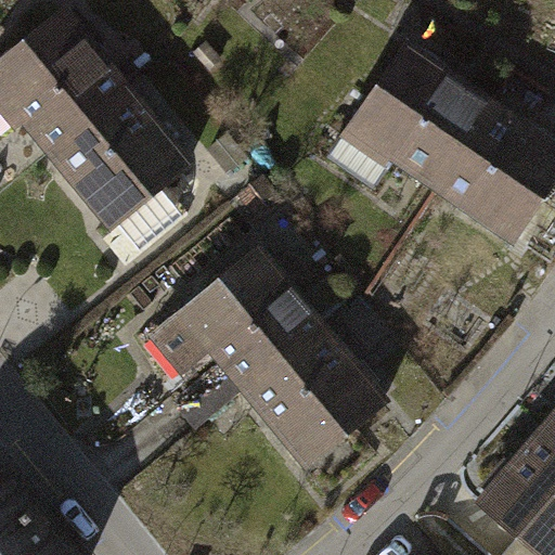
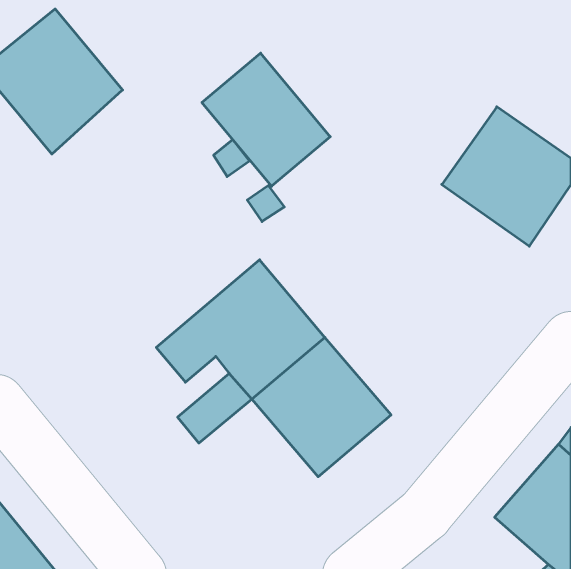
building: [347,53,479,183] -> none
building: none -> [202,53,330,186]
building: [50,92,182,257] -> none

